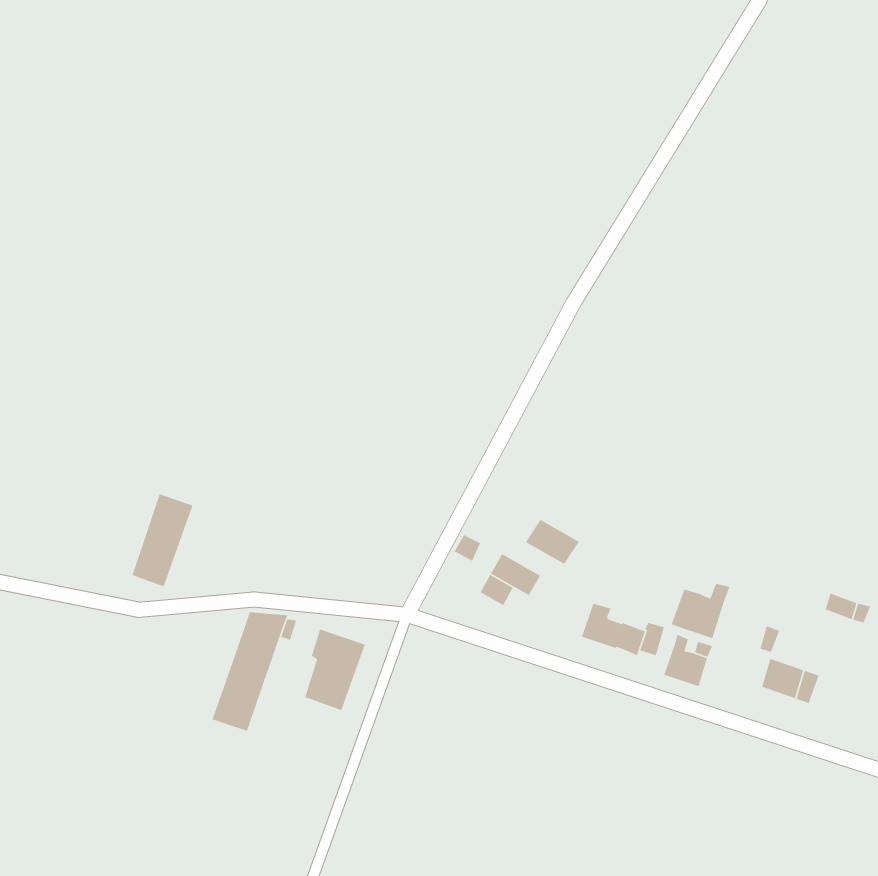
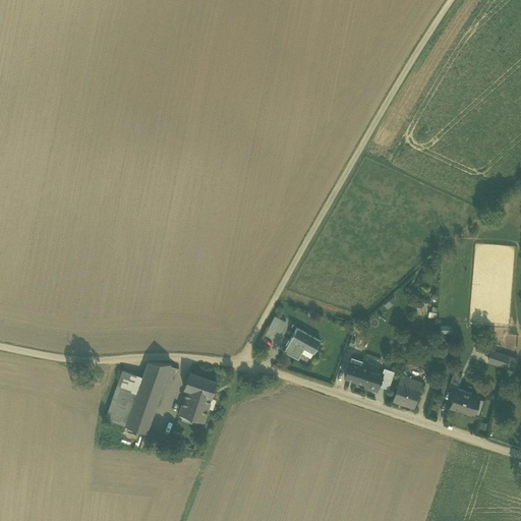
building: [132,493,193,588] -> [106,371,142,427]
building: [525,519,580,565] -> none
building: [670,583,731,639] -> none

